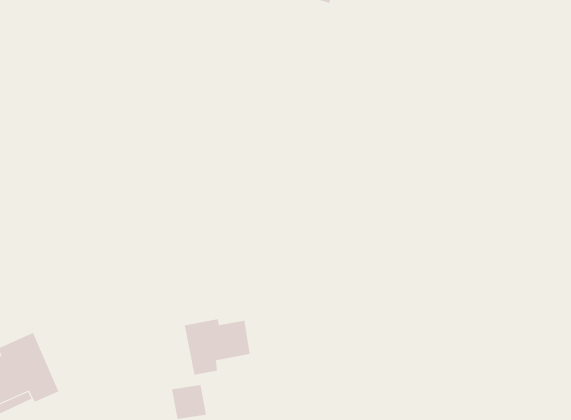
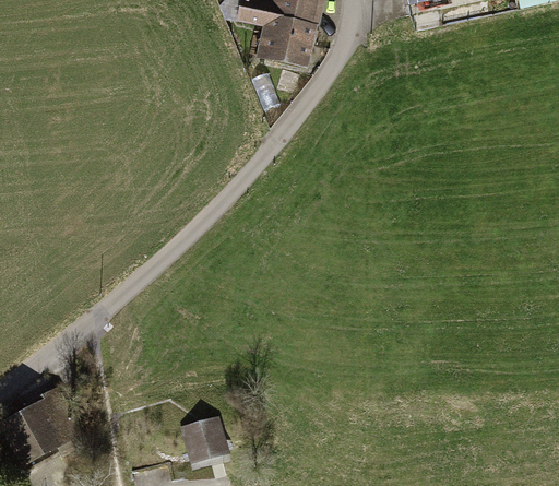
building: [184,318,250,375] -> none

